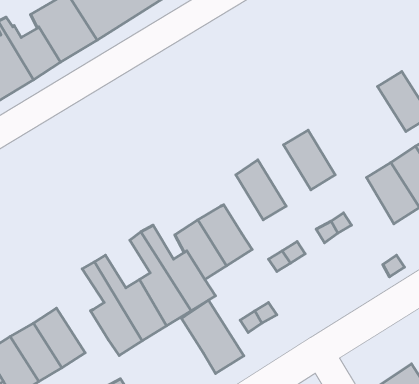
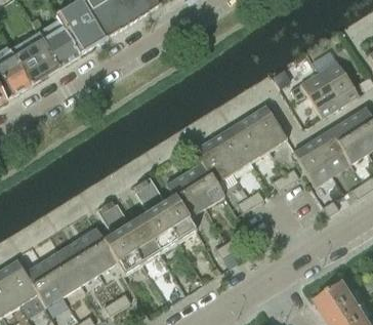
building: none -> [290,72,339,118]
building: none -> [227,116,267,162]
building: none -> [193,138,232,182]
building: none -> [292,140,330,186]
building: none -> [76,227,115,273]
building: [182,300,244,374] -> none

